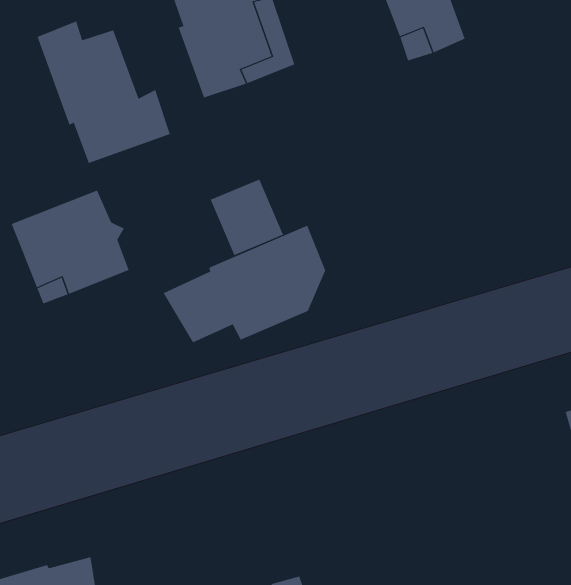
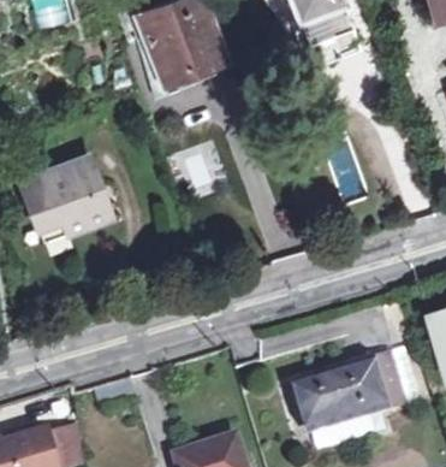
building: [37,20,170,164] -> none
building: [163,225,326,343] -> none
building: none -> [295,356,403,435]

